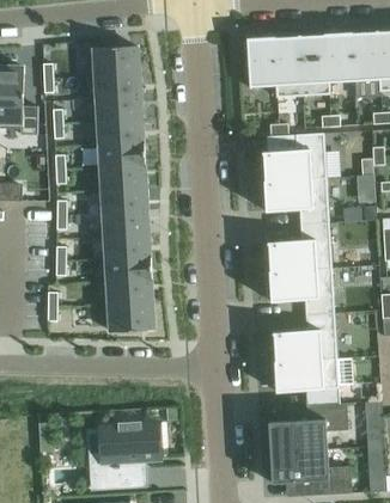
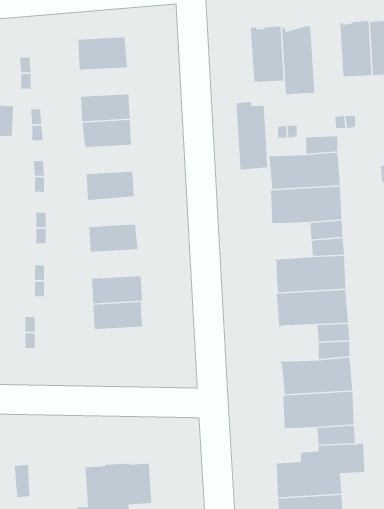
building: [299,35,328,97] -> [236,100,268,170]
building: [95,74,139,99] -> none
building: [99,142,144,167] -> none
building: [102,188,145,214] -> none
building: [104,234,150,259] -> none
building: [108,302,152,332] -> none

